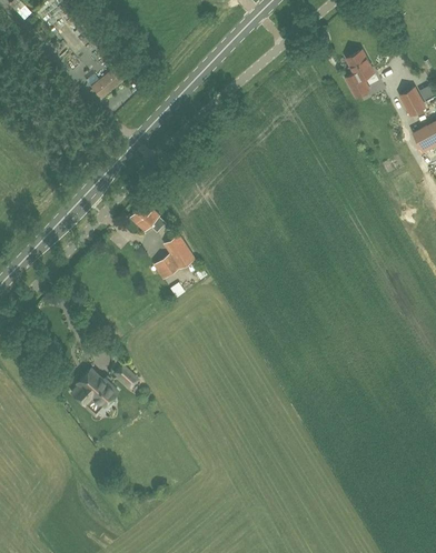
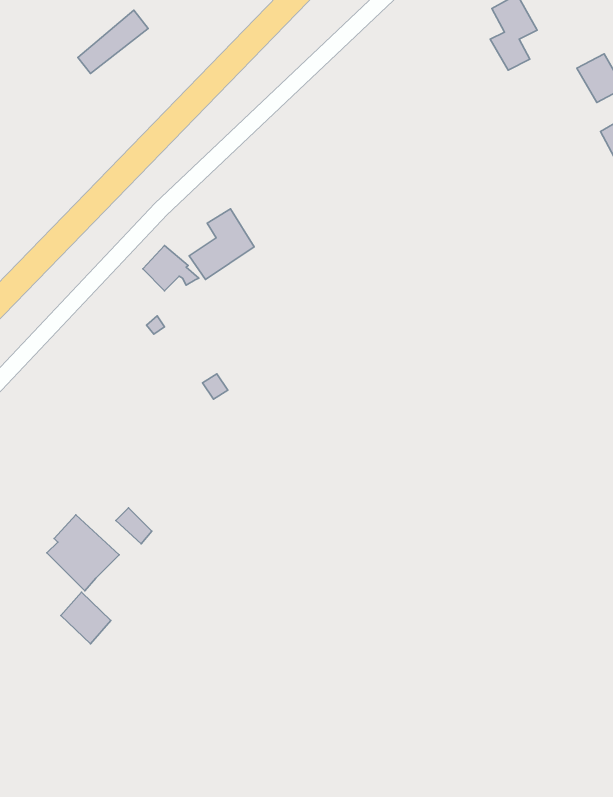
building: [153,235,194,279] -> [189,209,254,279]
building: none -> [61,592,111,644]

